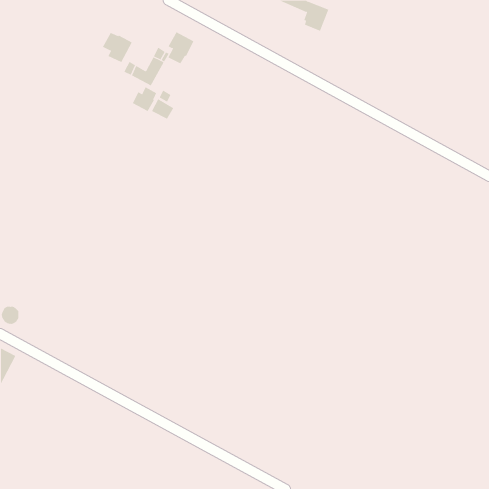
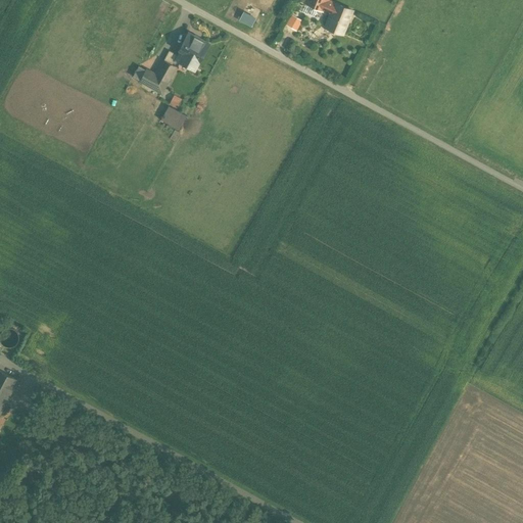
building: [102,32,132,63] -> none
building: [132,87,157,112] -> none

